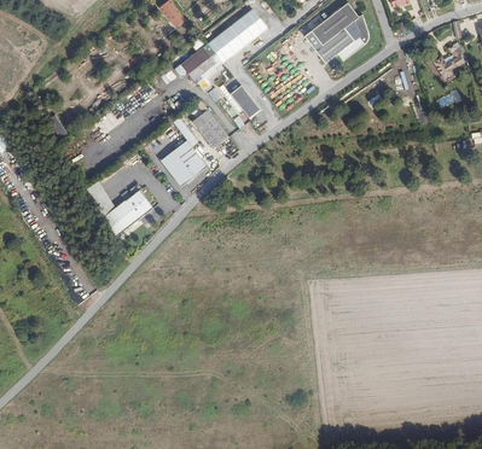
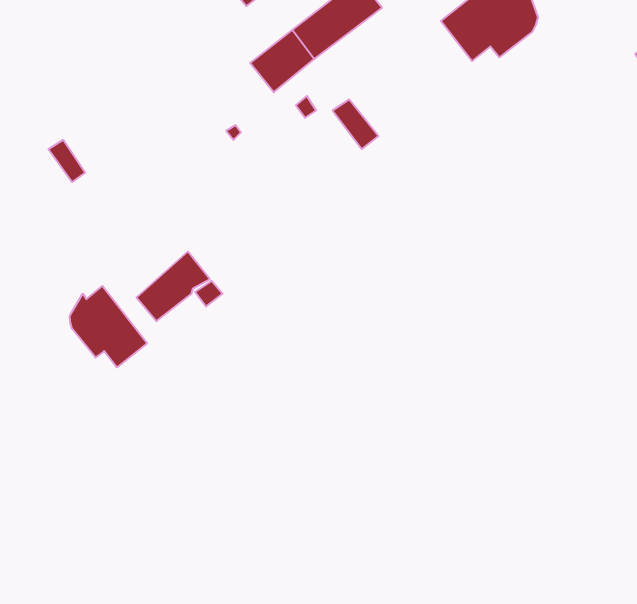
building: [192,109,228,147] -> none
building: [162,140,208,187] -> none
building: none -> [70,286,147,367]

